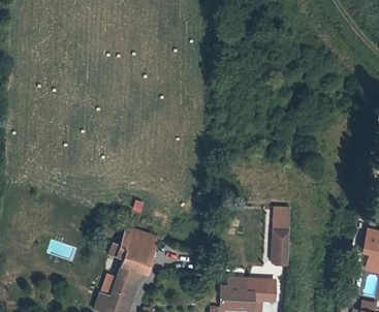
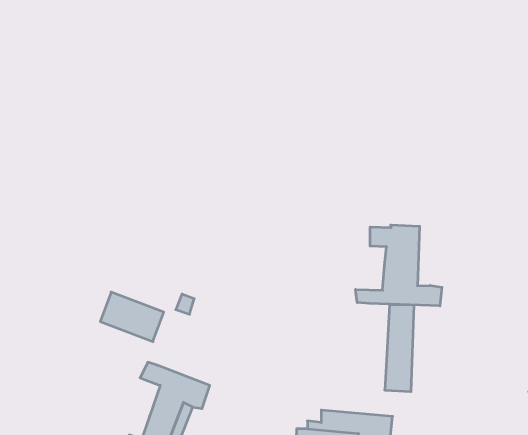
building: none -> [356,225,442,306]
building: [119,227,161,260] -> [100,292,164,342]

